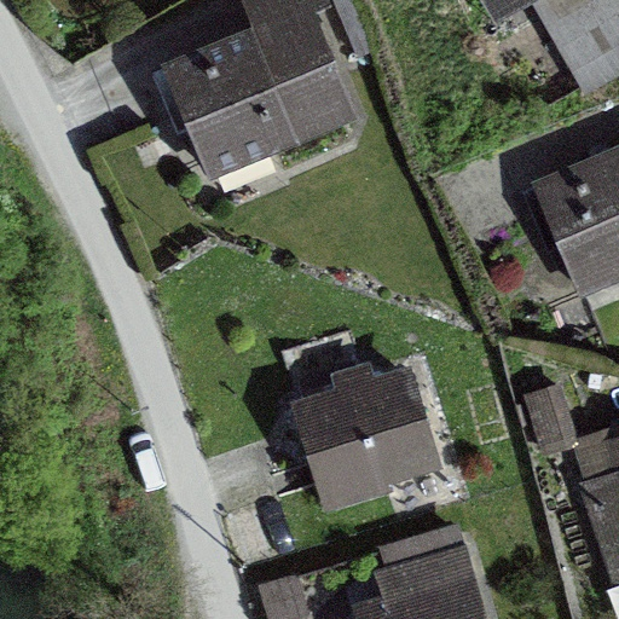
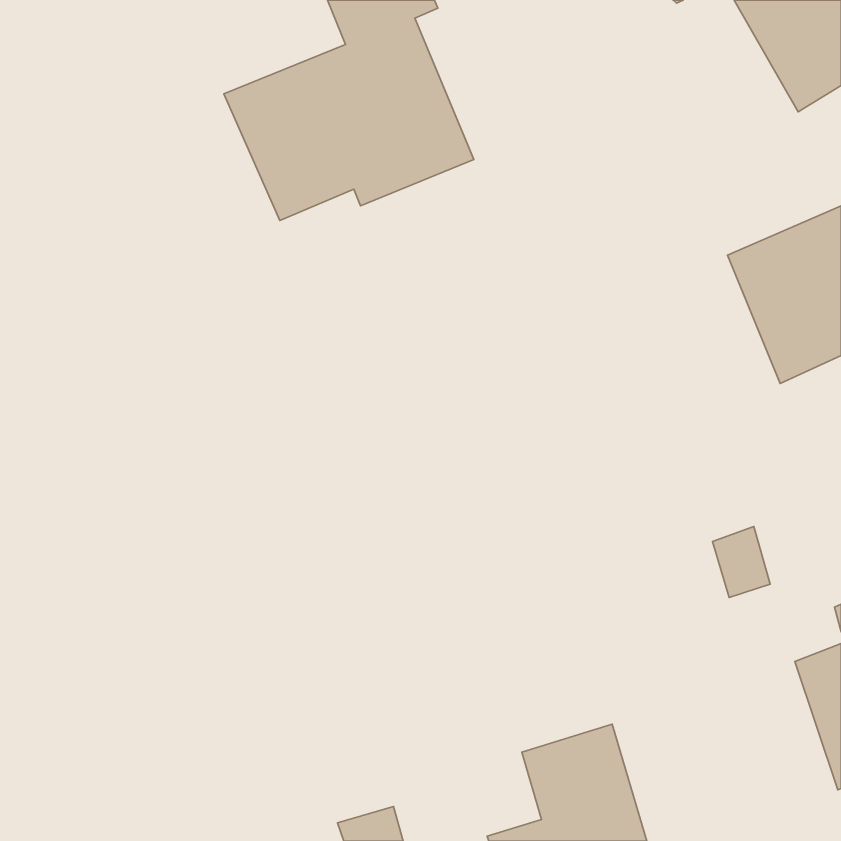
building: [296,375,429,490] -> none

